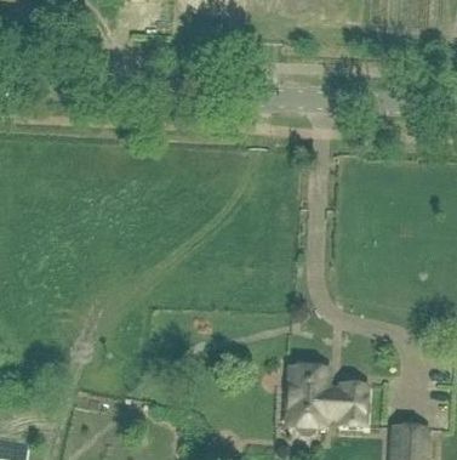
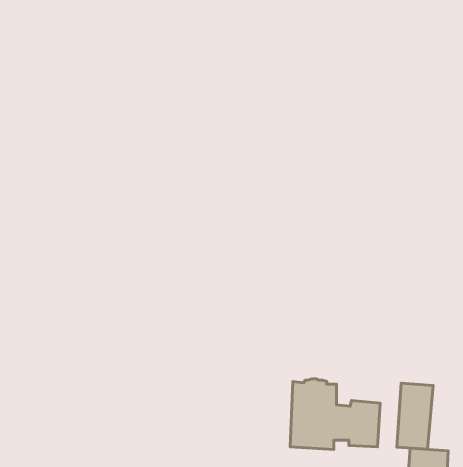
building: none -> [397,383,433,449]

